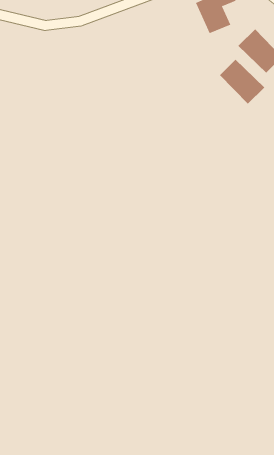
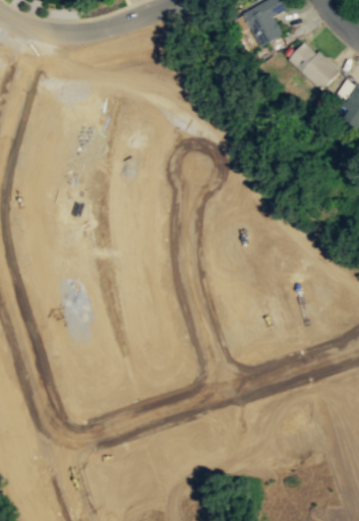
building: [219,59,265,105] -> none

